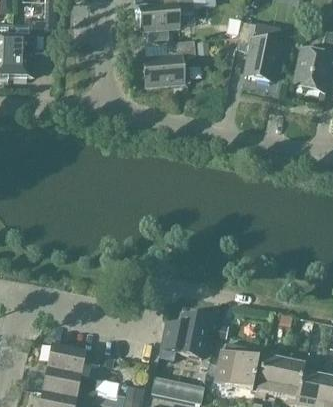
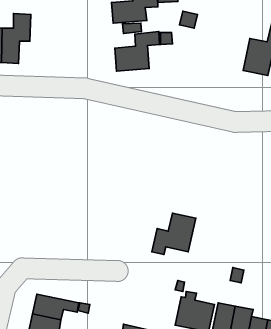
building: [235,20,282,79] -> none
building: [158,311,209,359] -> [152,213,196,254]

